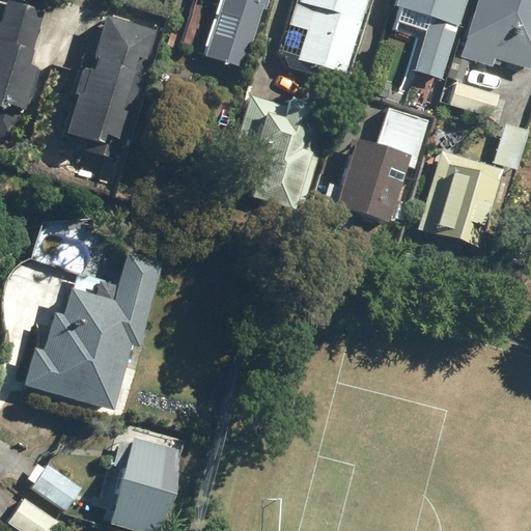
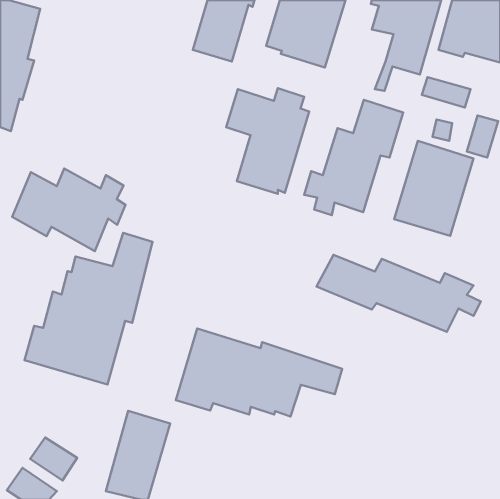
building: [68,16,156,161] -> none
building: none -> [12,168,125,251]
building: none -> [316,255,481,332]
building: none -> [176,329,342,416]

